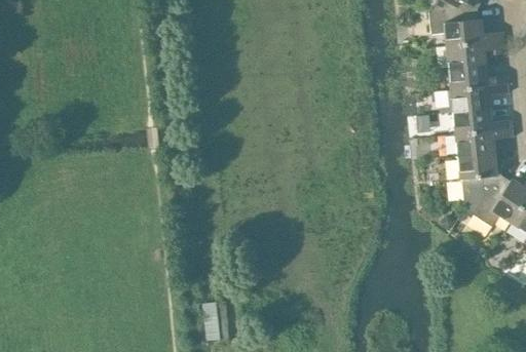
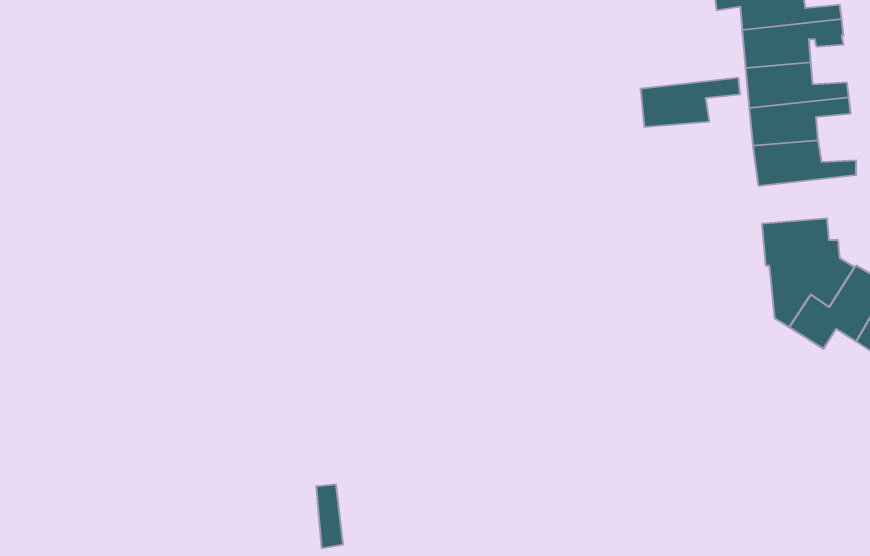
building: [455,128,512,156] -> [640,78,740,127]

